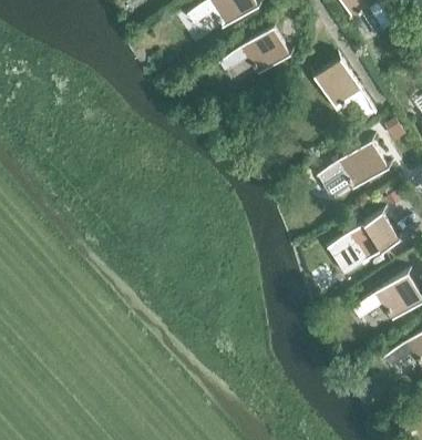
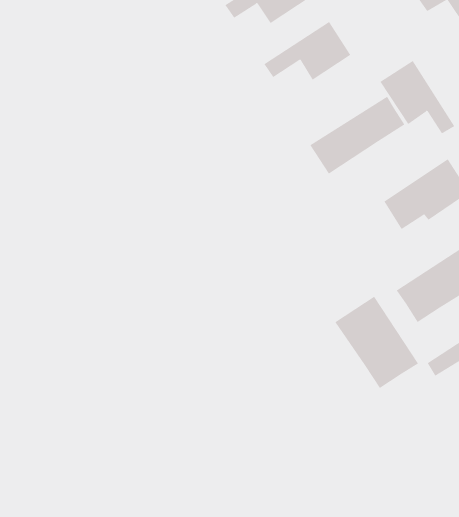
building: none -> [309,96,405,174]
building: none -> [335,296,419,389]

